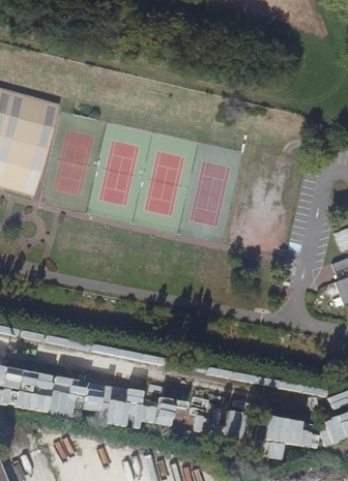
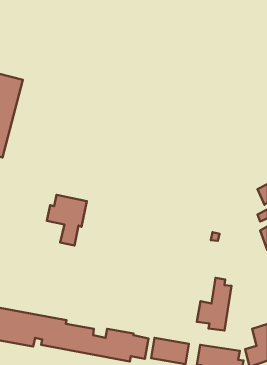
building: none -> [47,195,87,246]
building: none -> [197,278,231,330]

